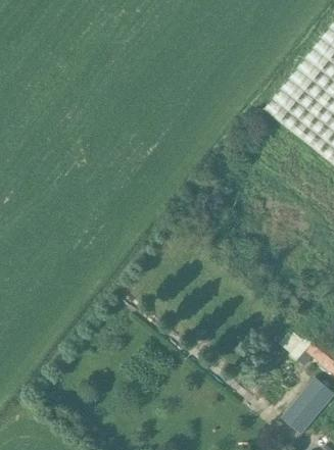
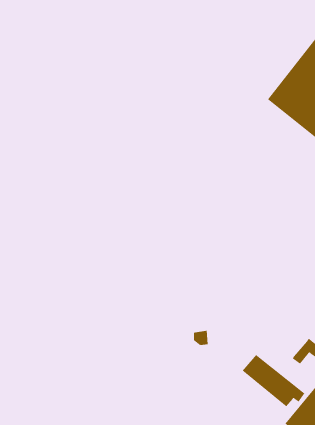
building: none -> [242,354,305,407]

